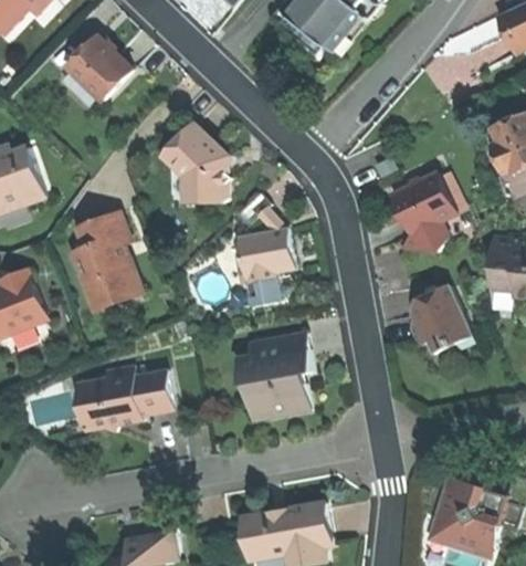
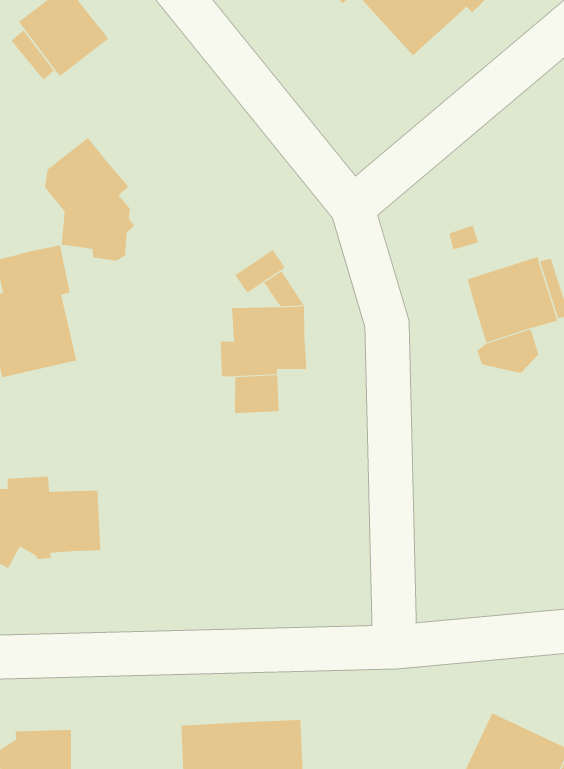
building: [166,124,230,203] -> [44,137,135,261]
building: [408,285,469,354] -> none
building: [235,333,312,420] -> none

